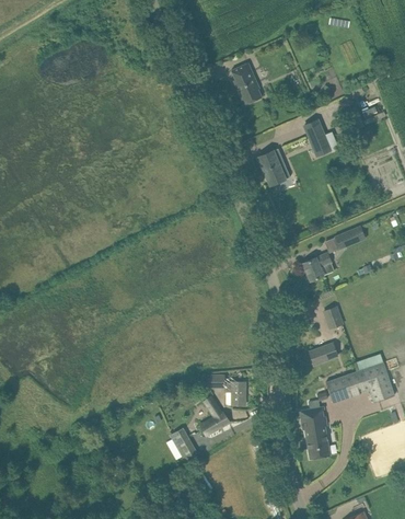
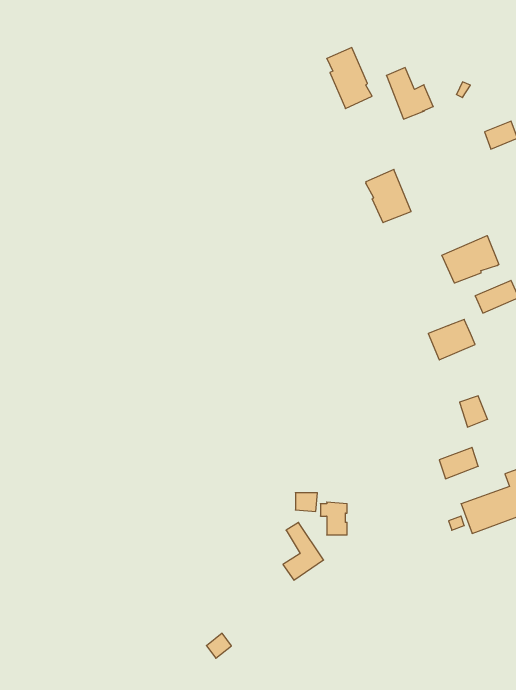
building: [304,119,337,155] -> [386,68,433,119]
building: none -> [442,236,499,283]
building: [300,406,331,459] -> none
building: [170,427,198,460] -> none

